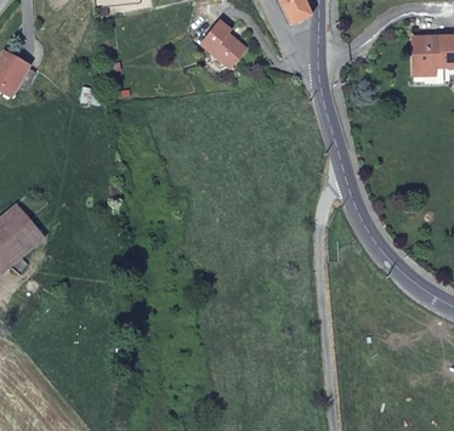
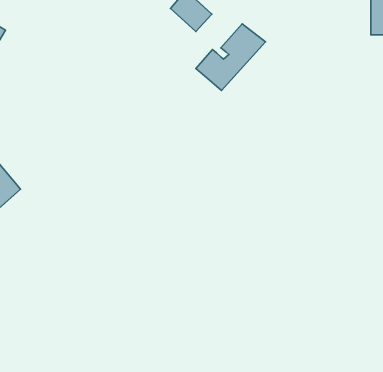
building: none -> [196,24,265,90]

